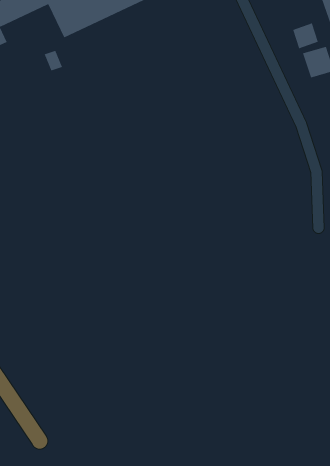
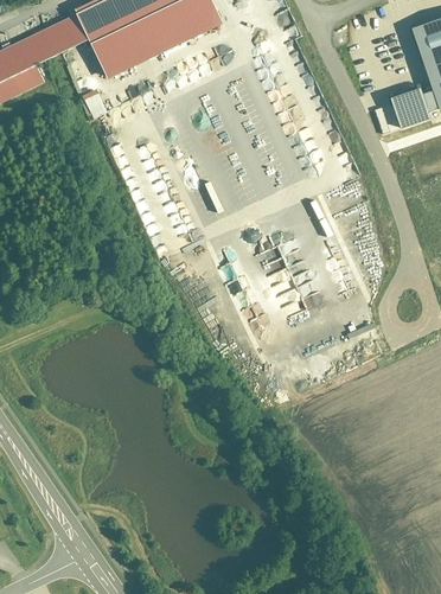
building: [292,23,318,49] -> none

